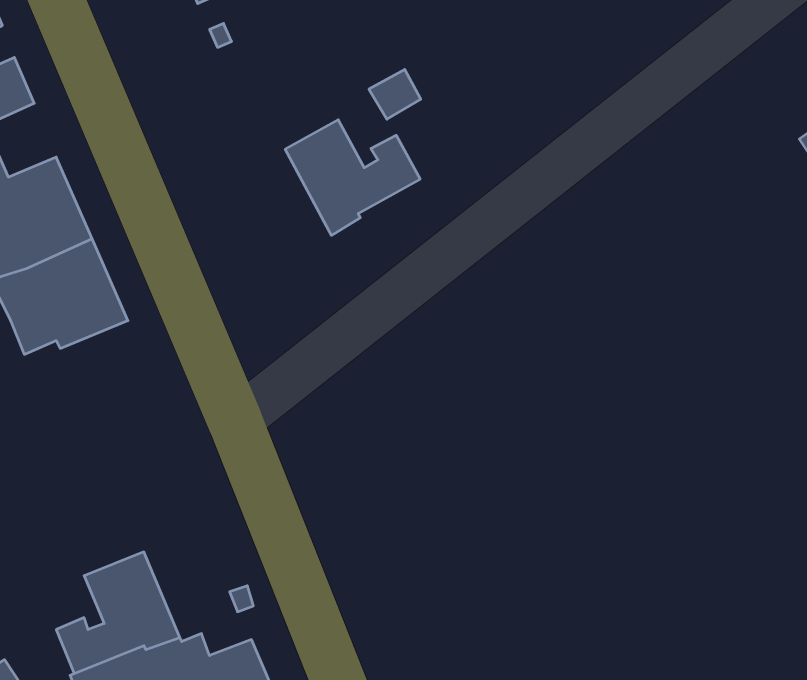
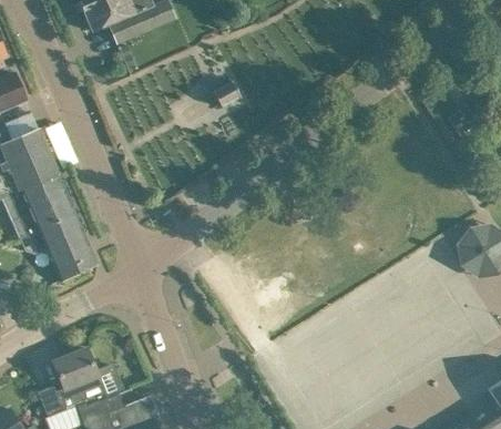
building: [285,120,420,235] -> none
building: none -> [41,219,98,280]

